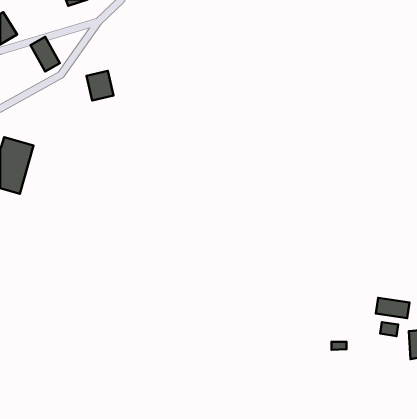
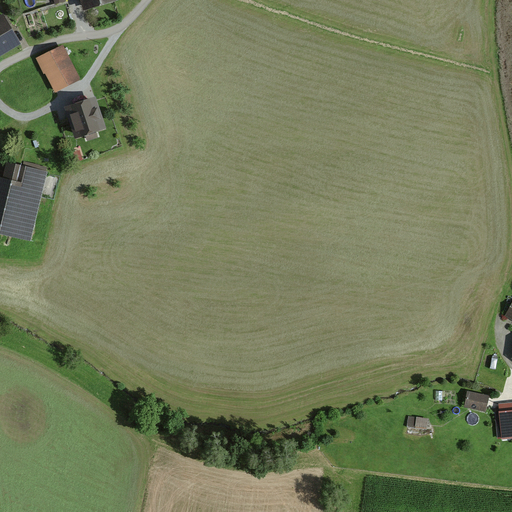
building: [86,71,114,100] -> [68,101,101,137]
building: [376,298,410,318] -> none

